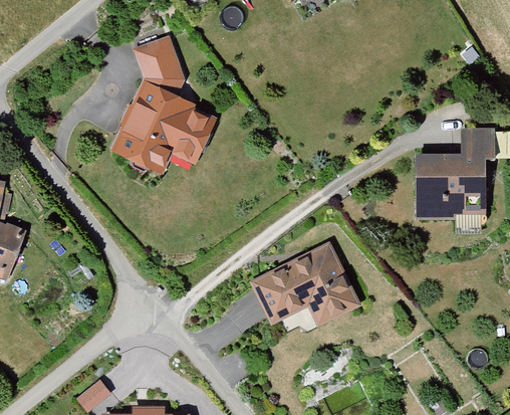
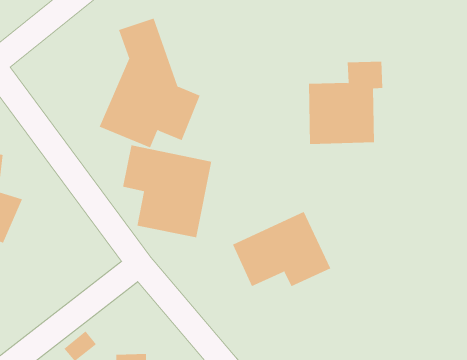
building: [418,131,499,221] -> [308,61,383,144]
building: none -> [122,145,212,238]

